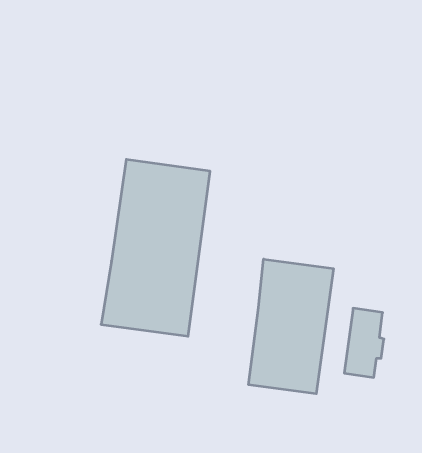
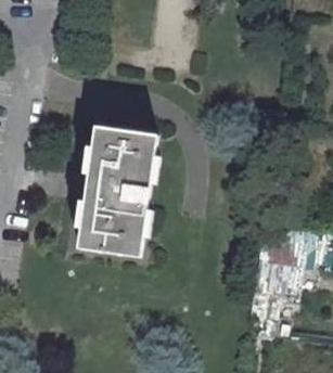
building: [249,259,333,394] -> none

